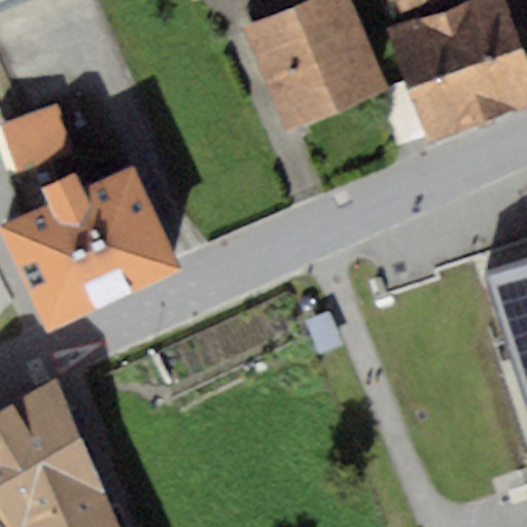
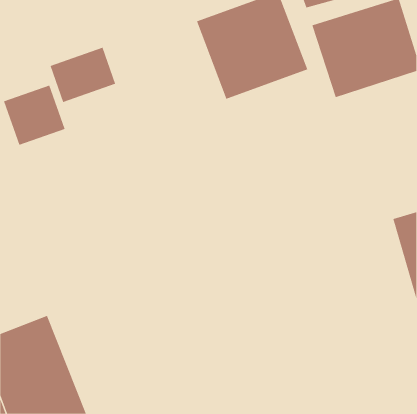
building: none -> [50,47,116,103]
building: [5,170,173,322] -> none

